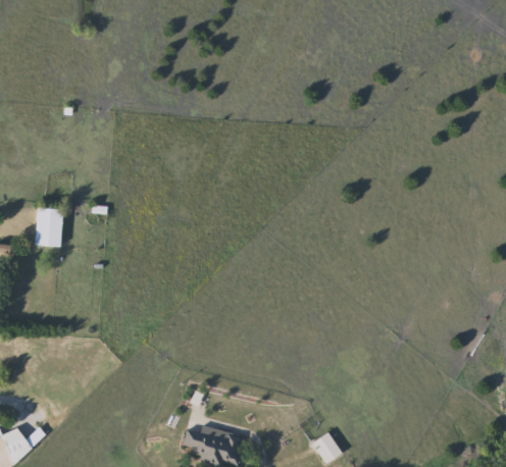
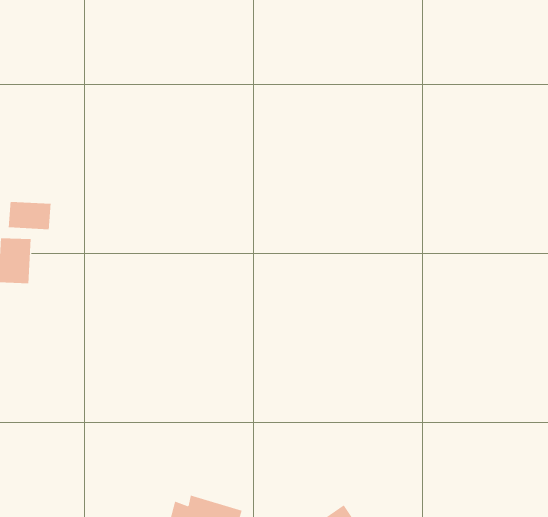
building: none -> [8,201,51,230]

